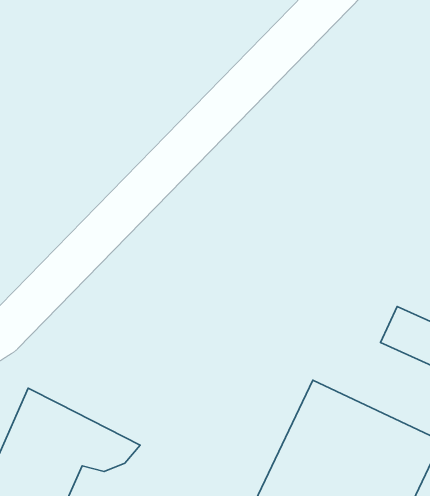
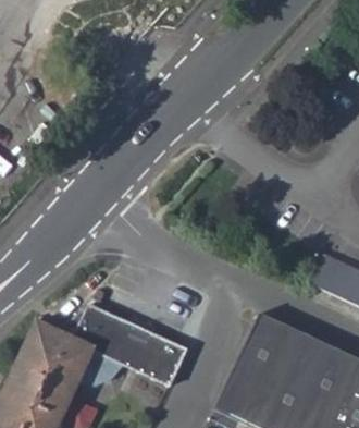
building: none -> [60,303,188,386]

